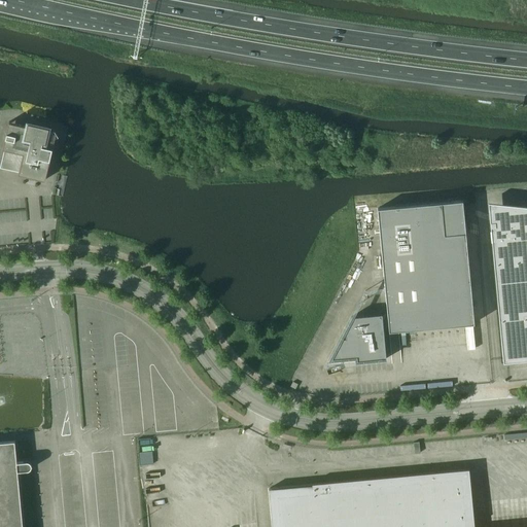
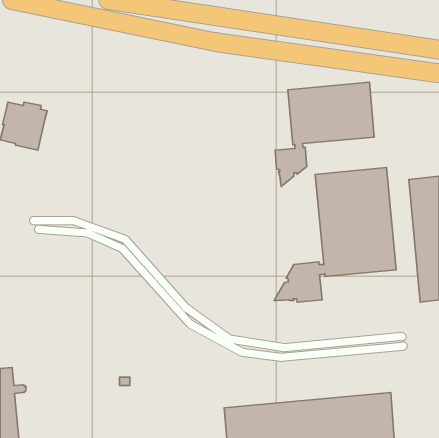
building: none -> [275,82,374,187]

